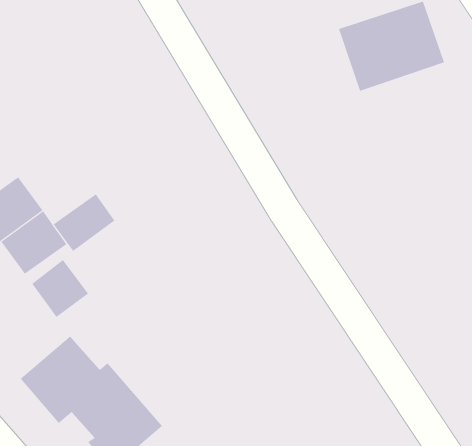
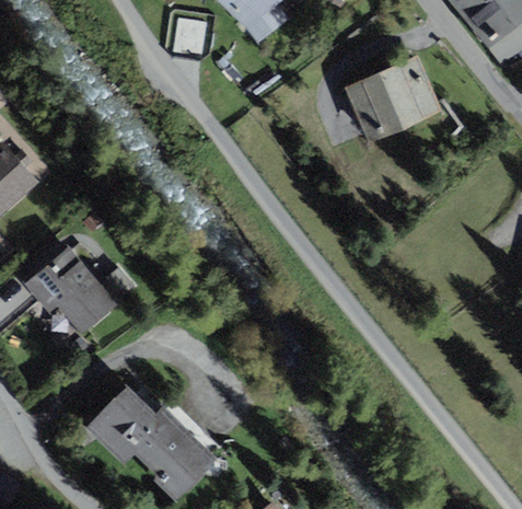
building: [53,193,115,252] -> none
building: [31,259,89,318] -> none

